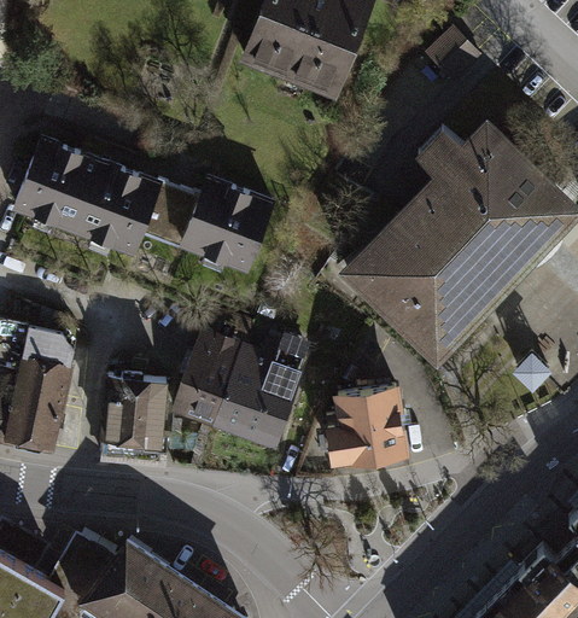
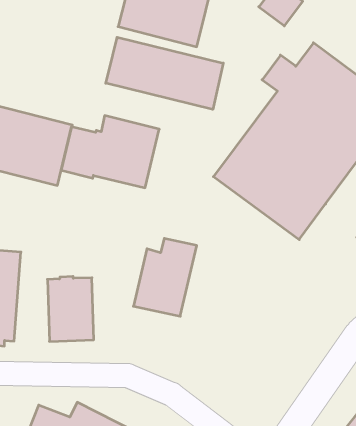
building: none -> [106,37,223,109]
building: [174,332,244,426] -> none
building: [326,385,411,466] -> none

